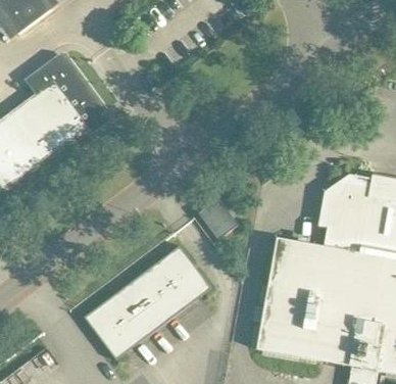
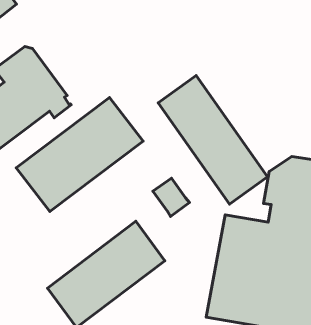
building: none -> [158,76,267,204]
building: none -> [16,97,143,212]

